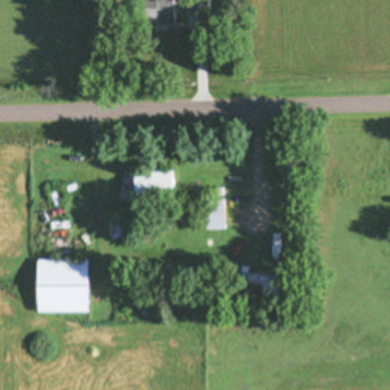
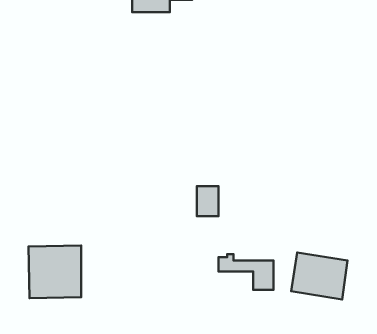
building: [133,168,175,203] -> none
building: none -> [291,252,347,299]

